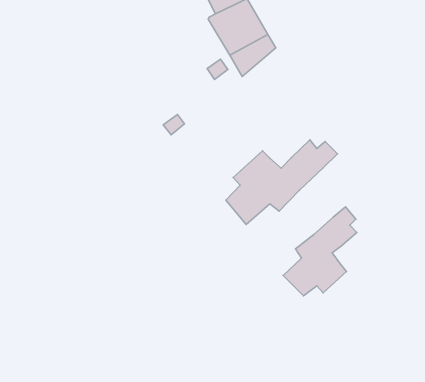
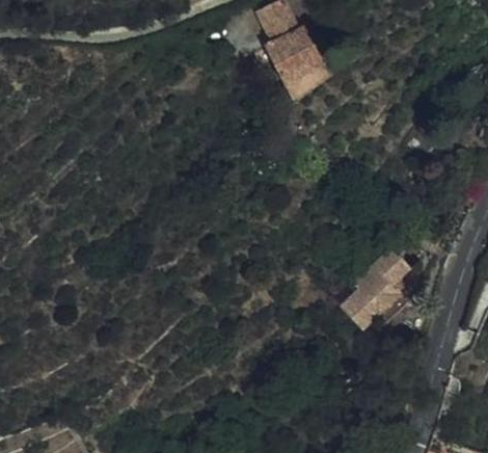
building: [226,140,337,225] -> none

